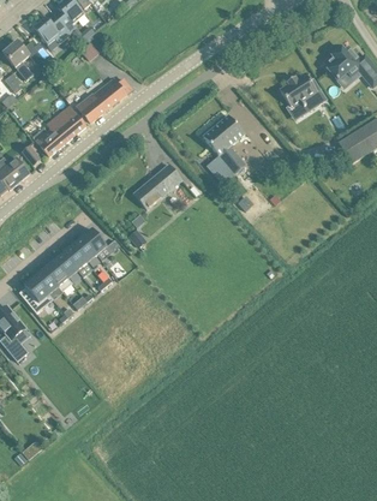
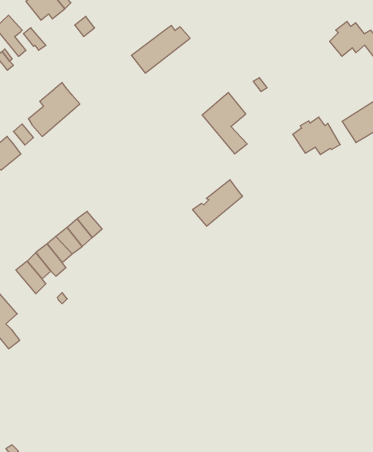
building: [279,72,324,108] -> [293,117,340,155]
building: [74,77,131,123] -> [131,26,190,73]
building: [132,163,180,208] -> [193,180,243,226]

